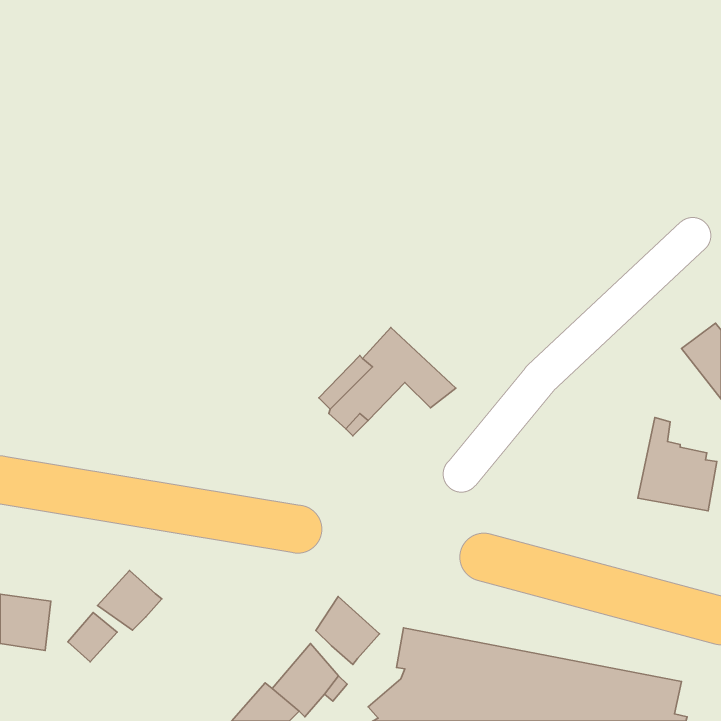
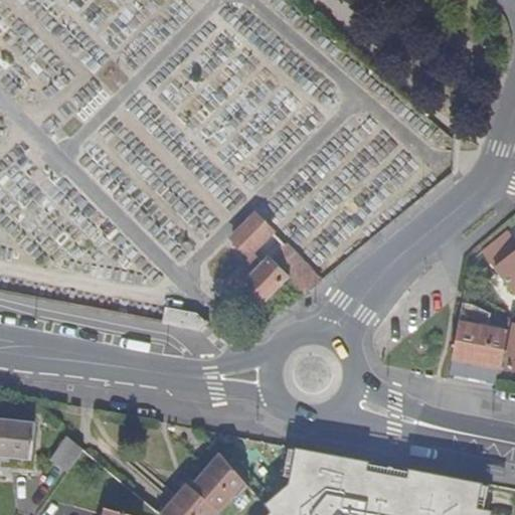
building: none -> [230,208,278,254]
building: [97,570,162,630] -> none
building: [316,597,380,664] -> none

